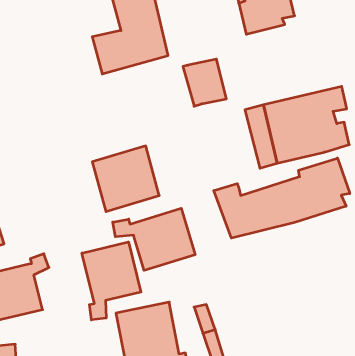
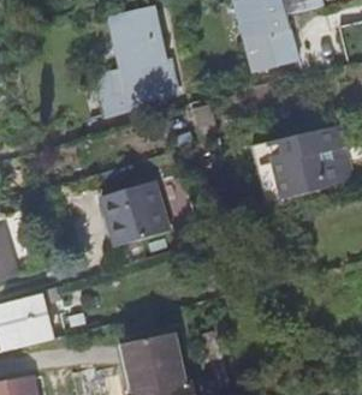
building: [214,158,350,238] -> none
building: [113,208,195,270] -> none
building: [82,242,141,320] -> none

